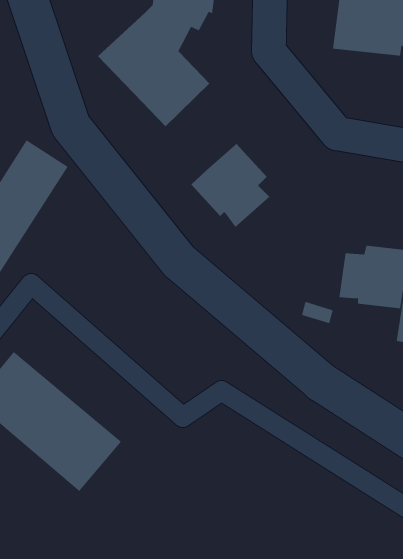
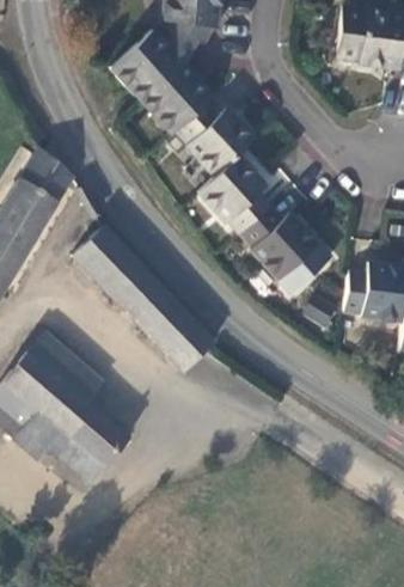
building: none -> [175,97,259,179]
building: none -> [241,206,324,283]
building: none -> [72,227,220,377]
building: none -> [29,332,108,405]

